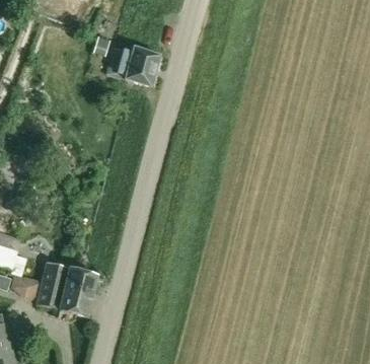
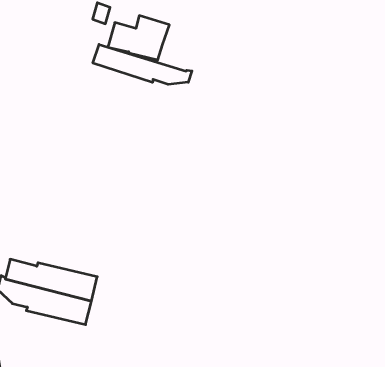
building: none -> [93,44,192,84]

